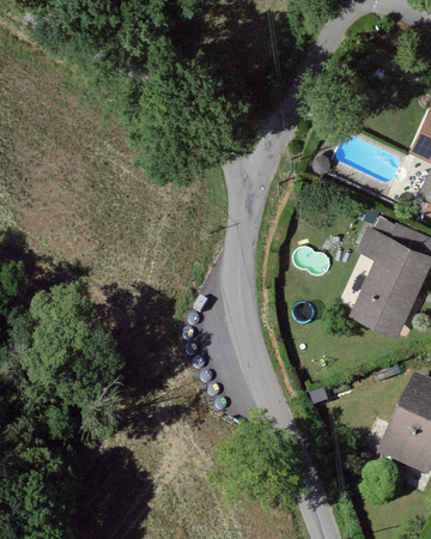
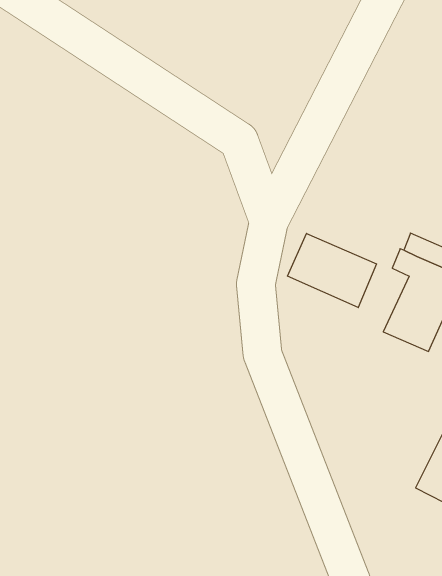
building: none -> [287,233,377,308]

